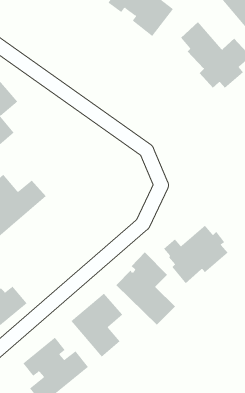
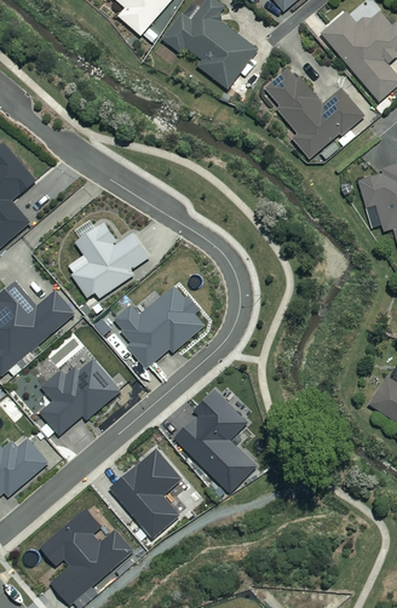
building: none -> [69,222,151,297]
building: [163,225,229,284] -> [115,285,207,368]
building: none -> [40,359,120,435]

